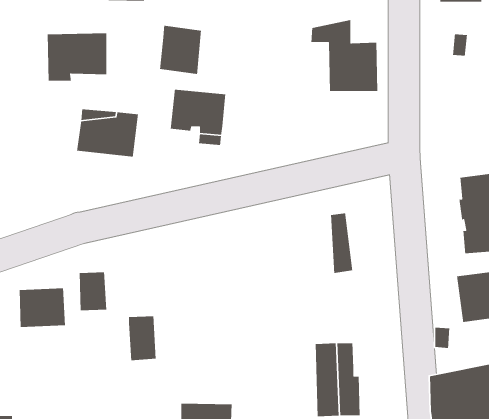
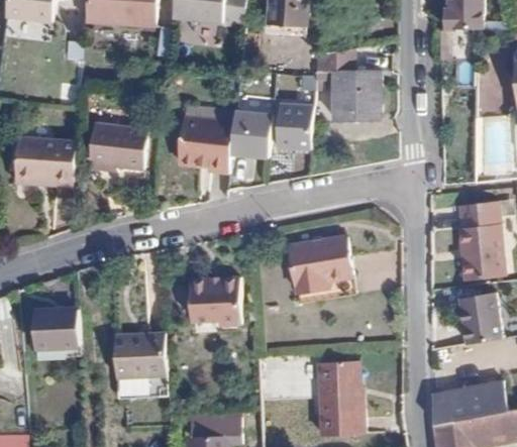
building: [159,25,202,75] -> [230,109,272,157]
building: [47,33,107,82] -> [25,136,84,184]
building: none -> [276,104,313,149]
building: none -> [293,238,337,301]
building: none -> [193,278,244,326]
building: [79,272,107,311] -> [113,343,140,381]

